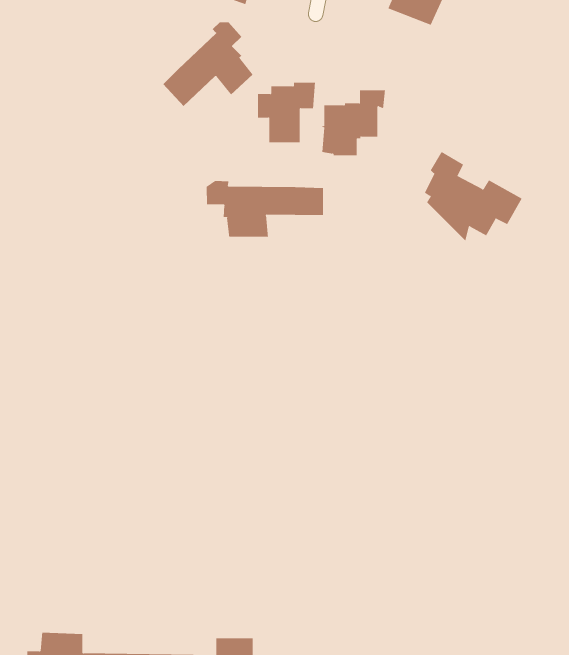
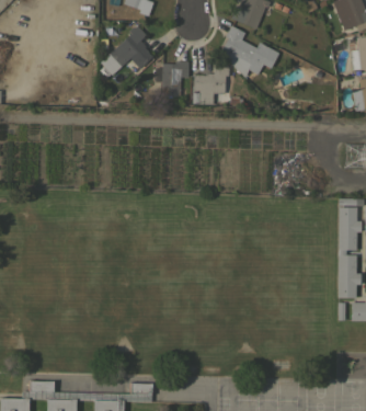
building: [424,151,522,242] -> [221,25,278,78]
building: [206,180,323,238] -> none

